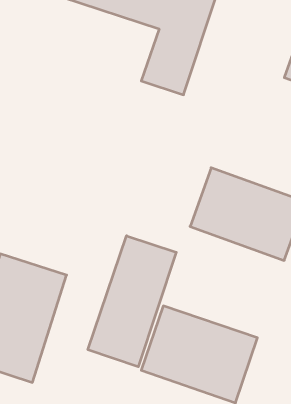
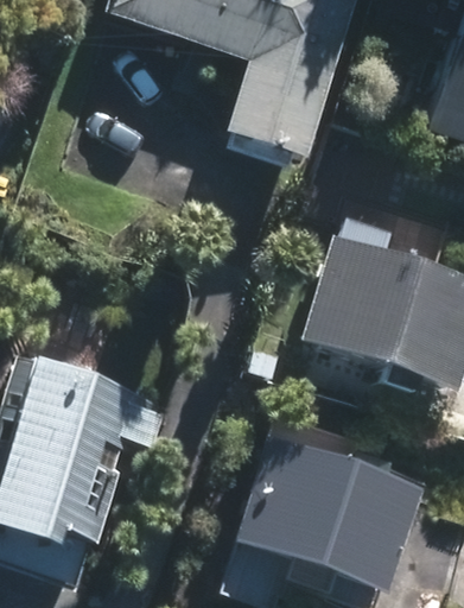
building: [88,236,176,367] -> none

